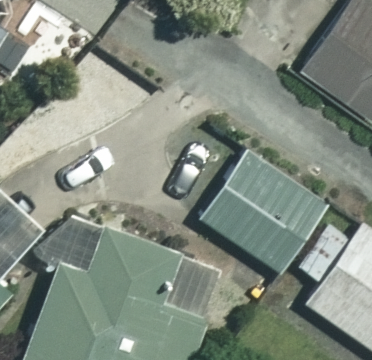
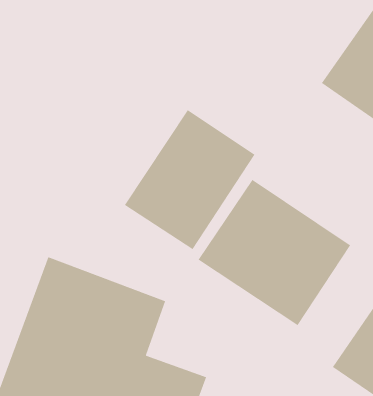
building: none -> [124,109,255,250]

